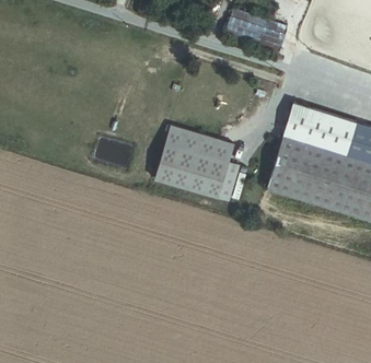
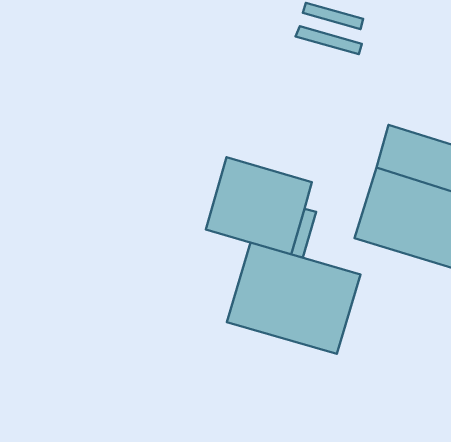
building: none -> [227,243,360,354]

